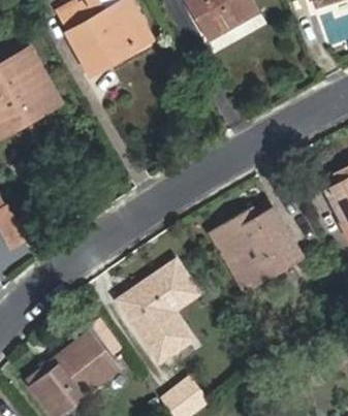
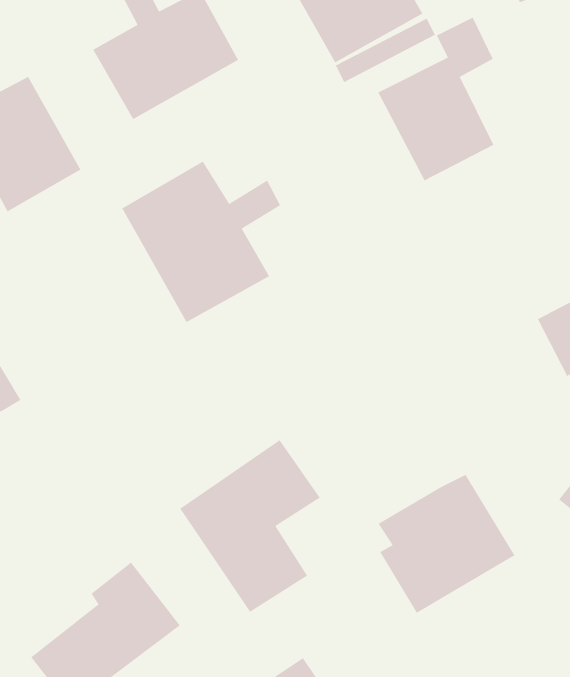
building: none -> [377,17,494,182]
building: none -> [121,160,281,323]
building: [220,209,300,290] -> [377,474,516,614]

